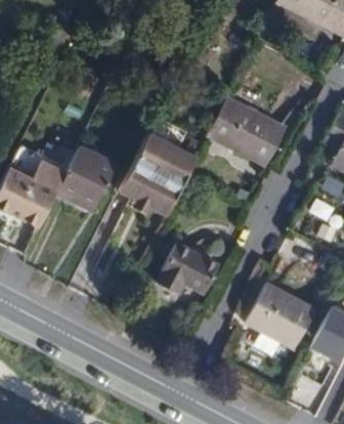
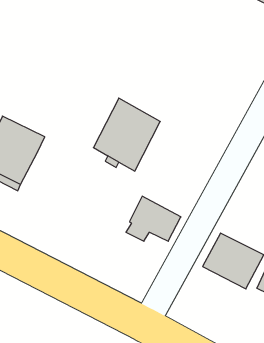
building: [208,96,288,166] -> none
building: [57,145,118,210] -> none

